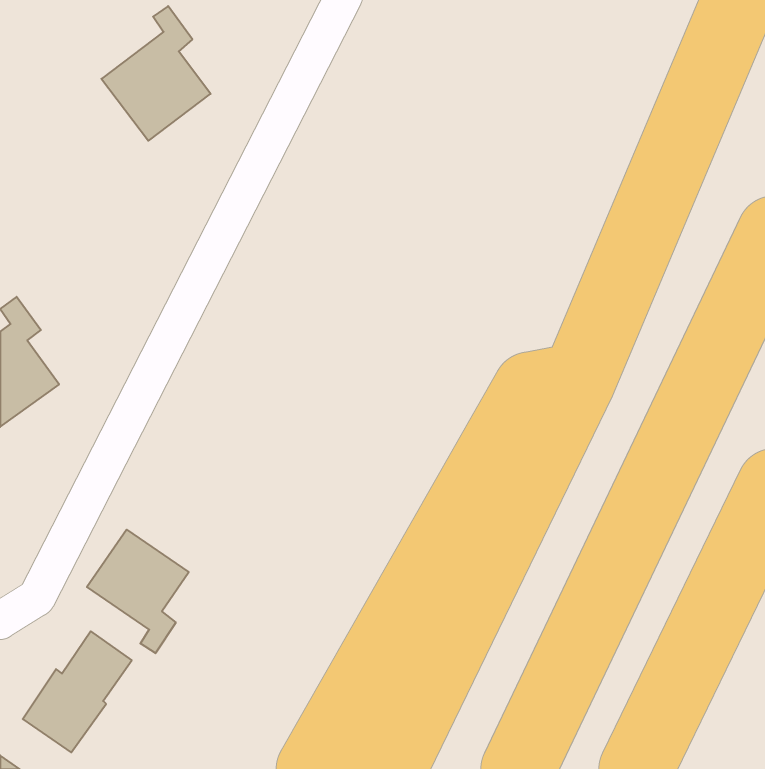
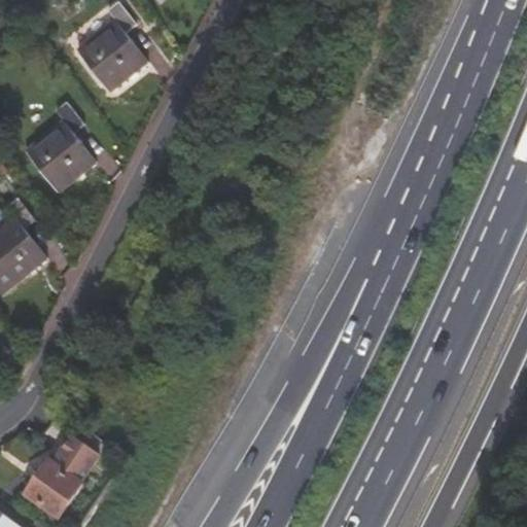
building: none -> [26,105,93,194]
building: [87,530,189,653] -> none

